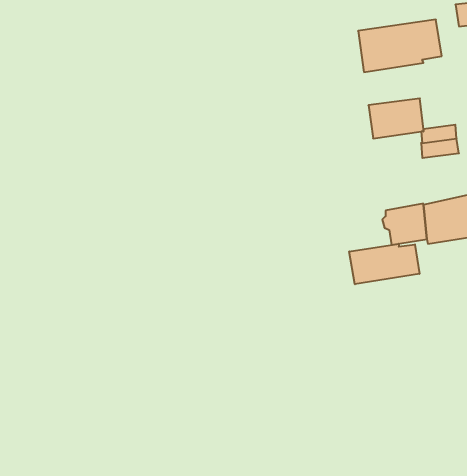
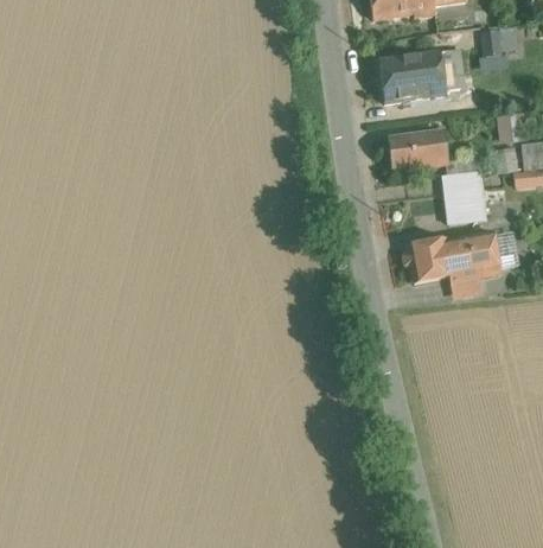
building: none -> [445,187,486,224]
building: [349,244,419,284] -> none

